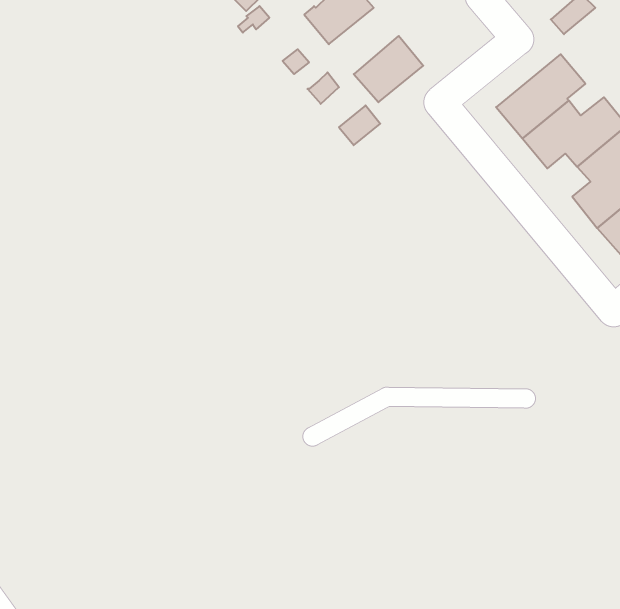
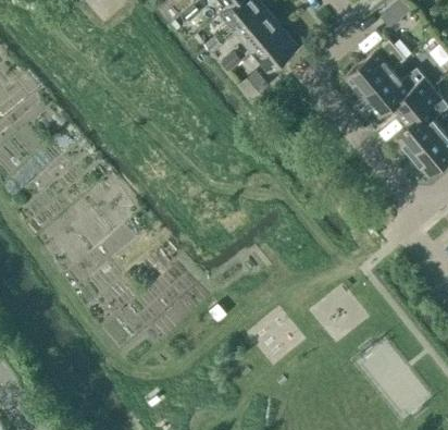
building: none -> [235,10,281,53]

